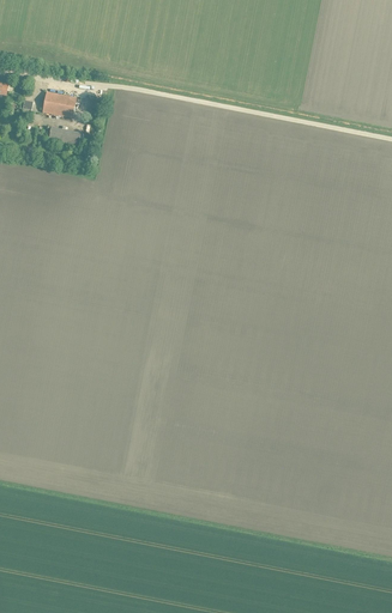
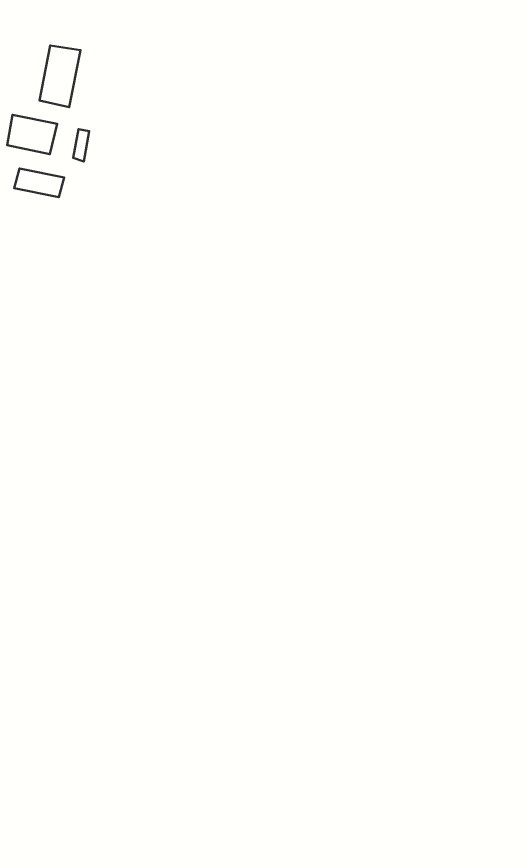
building: none -> [40,45,81,107]

